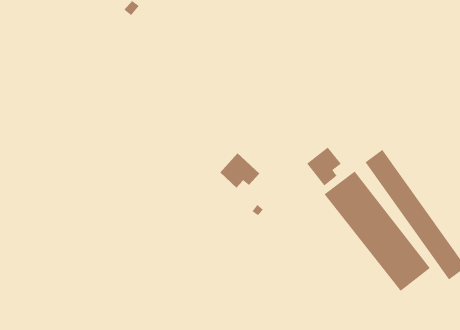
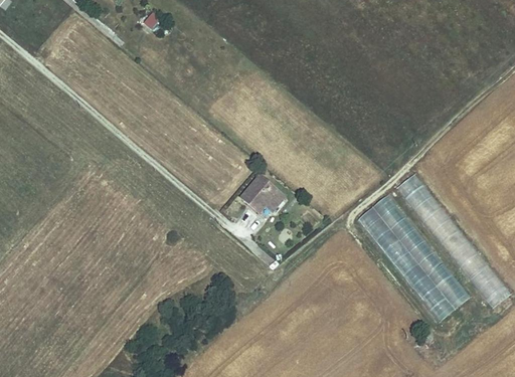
building: [306,147,342,186] -> none

